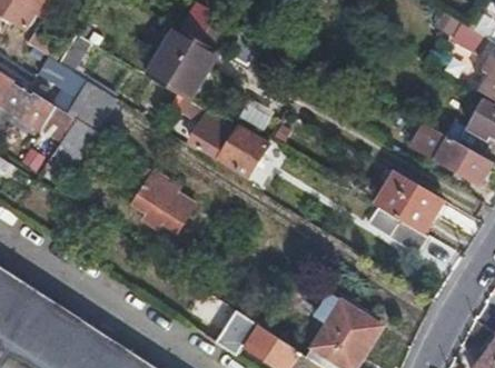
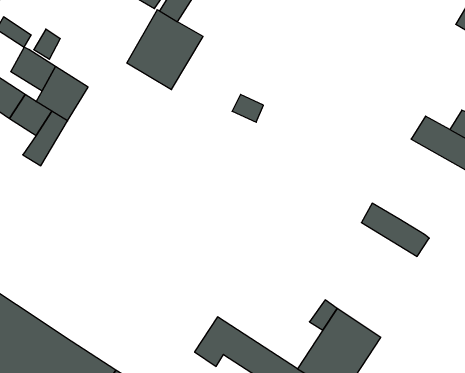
building: [190,110,269,175] -> none
building: [373,172,440,232] -> none
building: [143,178,205,237] -> none

